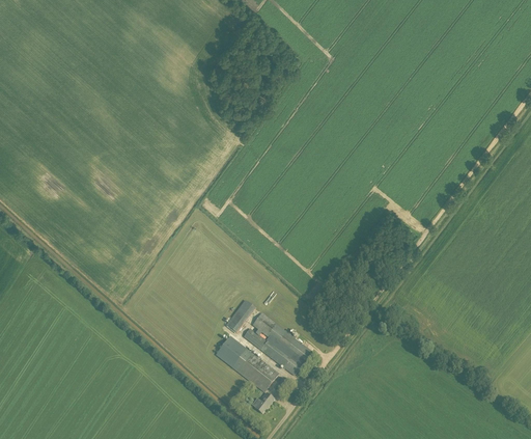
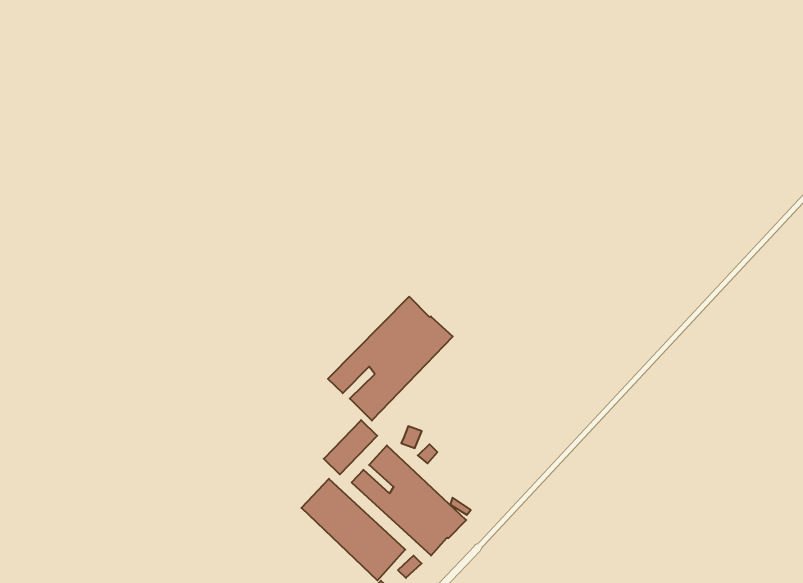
building: none -> [328,297,453,421]

